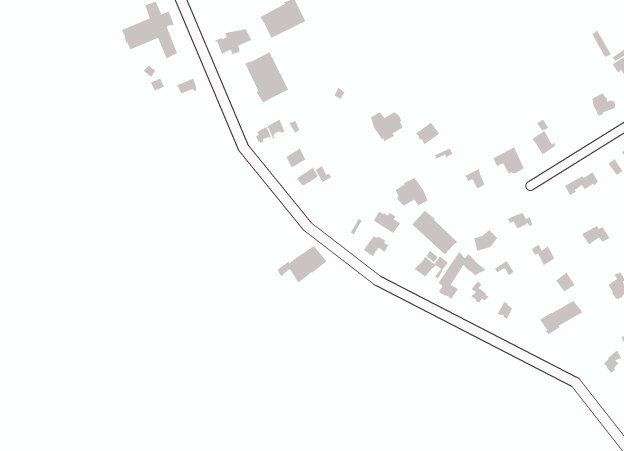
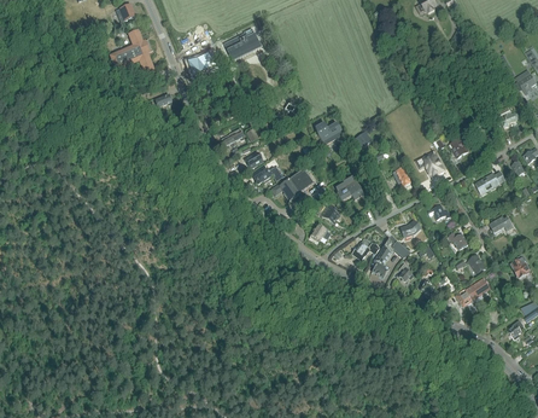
building: [245,52,289,103] -> none
building: [411,210,458,255] -> none
building: [277,245,327,283] -> [271,169,314,201]

